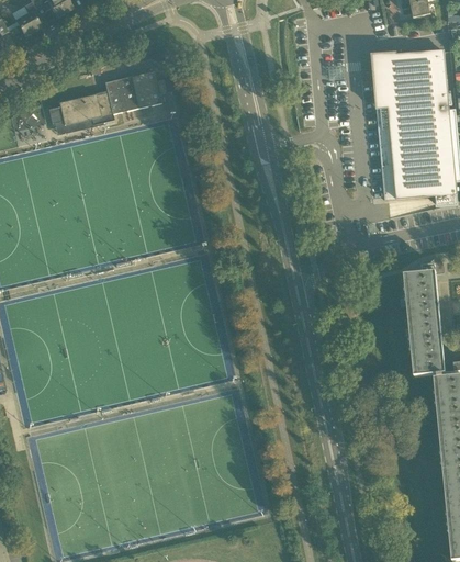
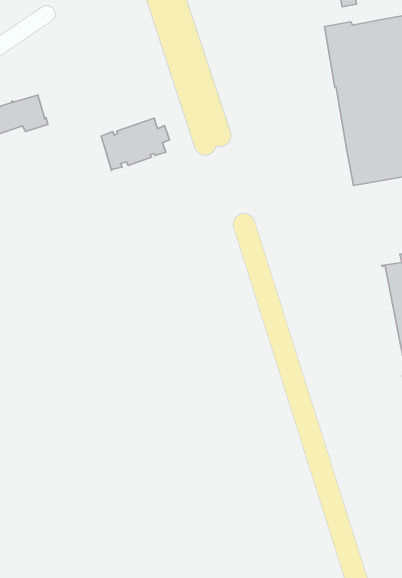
building: [103,69,165,113] -> [101,118,169,171]

